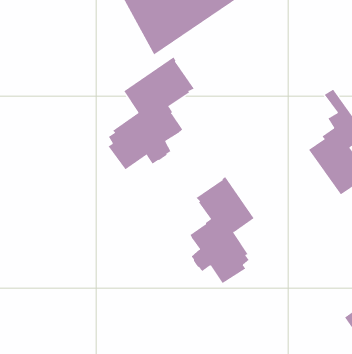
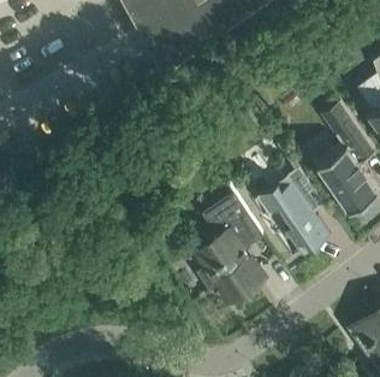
building: [108,56,194,170] -> none
building: none -> [255,167,328,257]

